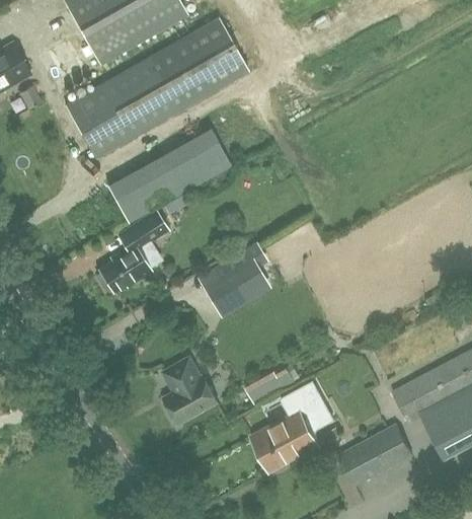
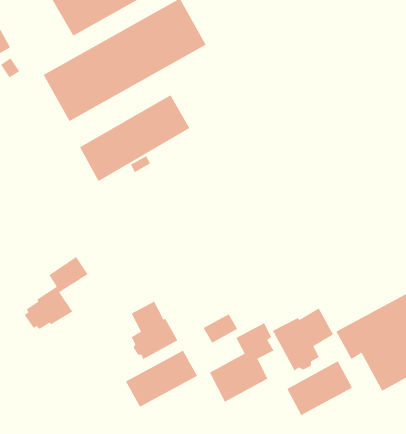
building: [97,209,169,291] -> [24,256,88,330]
building: [196,240,271,317] -> none
building: none -> [272,308,334,371]
building: none -> [125,350,198,408]

